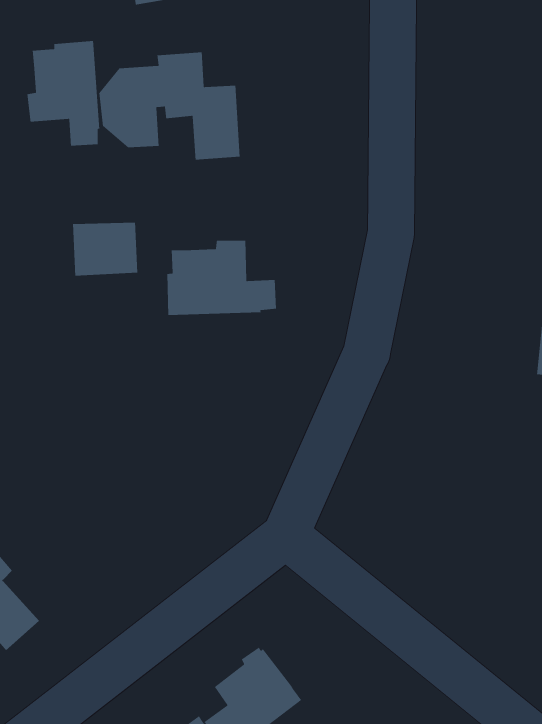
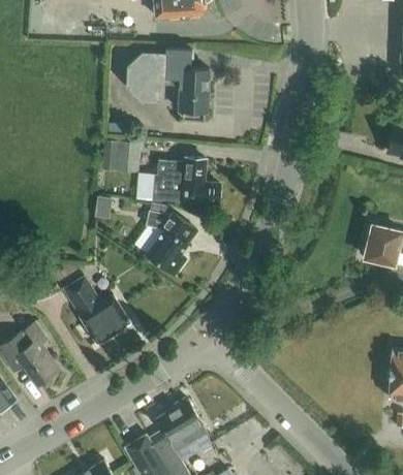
building: [27,40,100,146] -> none
building: none -> [145,212,193,275]
building: none -> [64,278,130,345]

